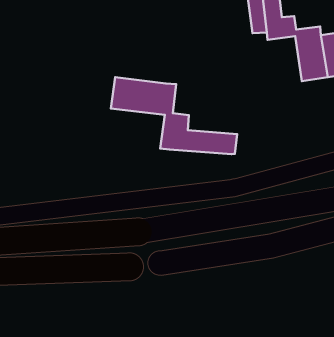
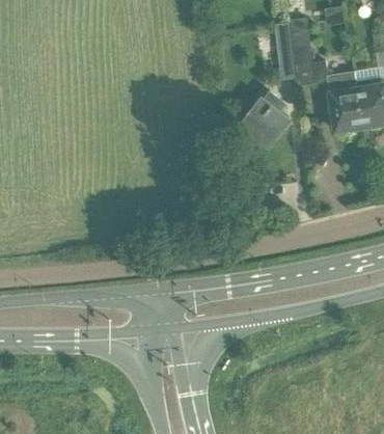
building: none -> [240,90,291,146]
building: [111,77,237,154] -> none

